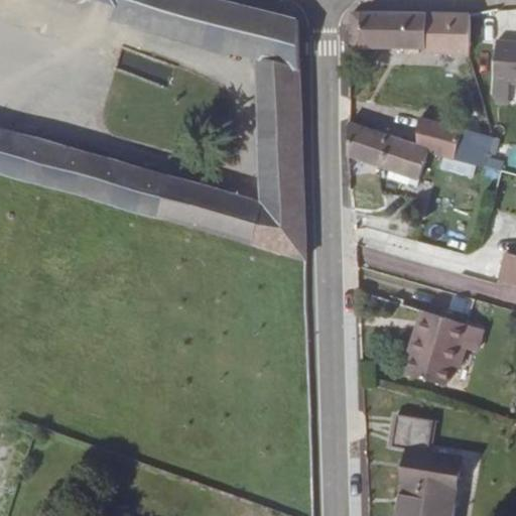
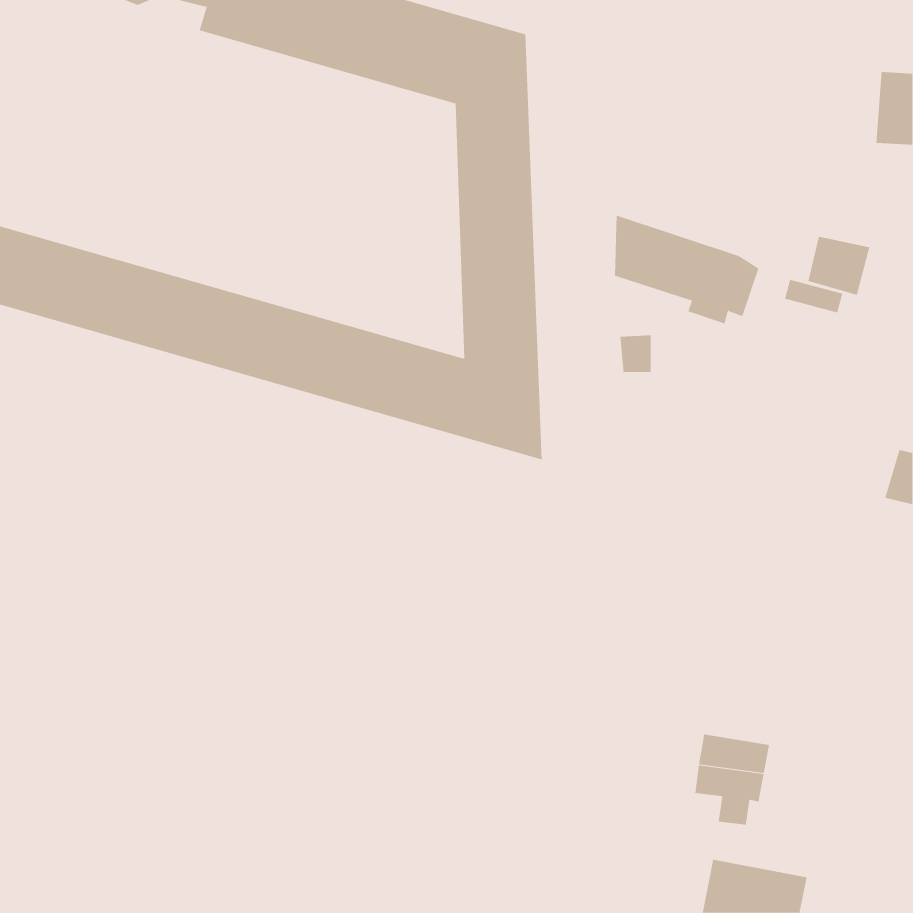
building: [349,11,470,53] -> none
building: [416,118,462,158] -> none
building: [407,311,481,385] -> none
building: [401,450,462,494] -> none

